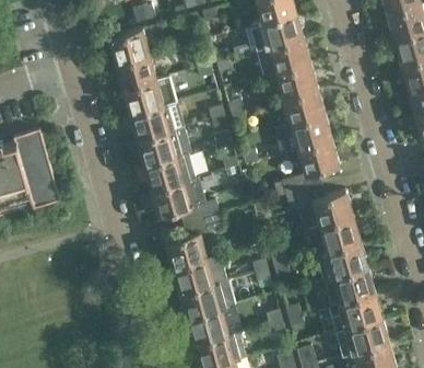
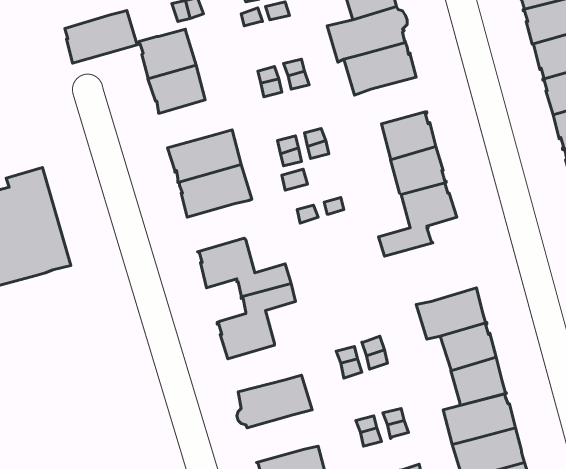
building: [276,64,316,97] -> none
building: [123,77,176,115] -> [65,10,137,63]
building: [143,153,195,191] -> none
building: [286,184,353,227] -> none
building: [173,258,214,292] -> none
building: [187,309,228,344] -> none

